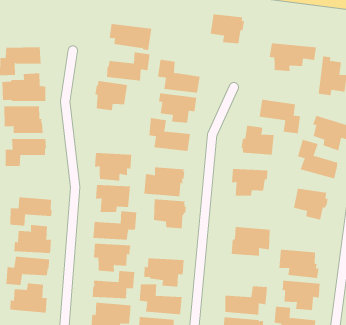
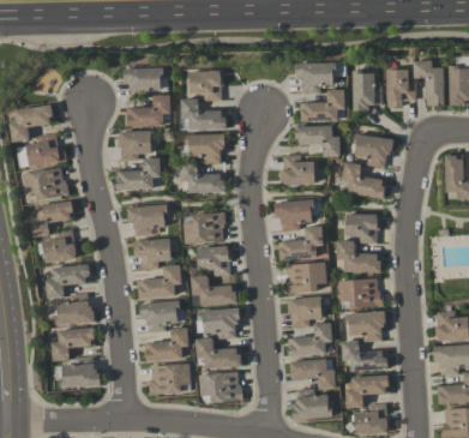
building: [210,14,245,44] -> [190,71,224,101]
building: none -> [300,89,344,121]
building: none -> [115,157,161,190]
building: none -> [42,229,79,263]
building: none -> [278,226,324,260]
building: none -> [337,240,383,272]
building: none -> [191,275,239,306]
building: none -> [287,296,323,328]

